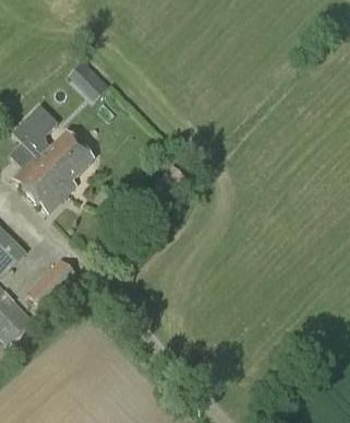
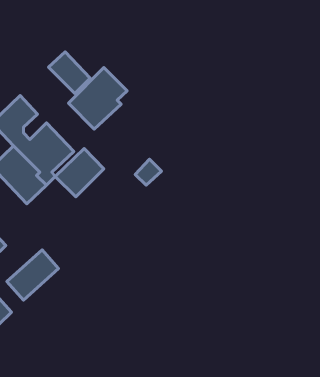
building: none -> [69,68,127,129]
building: none -> [55,149,104,197]

